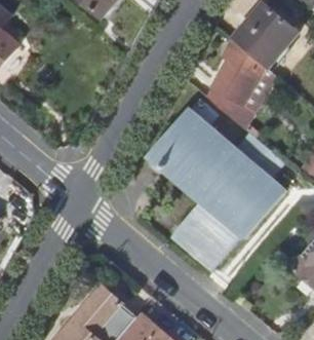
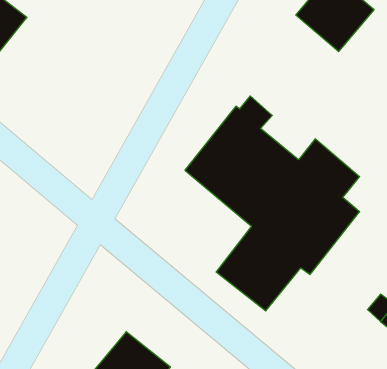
building: [204,39,278,134] -> none

